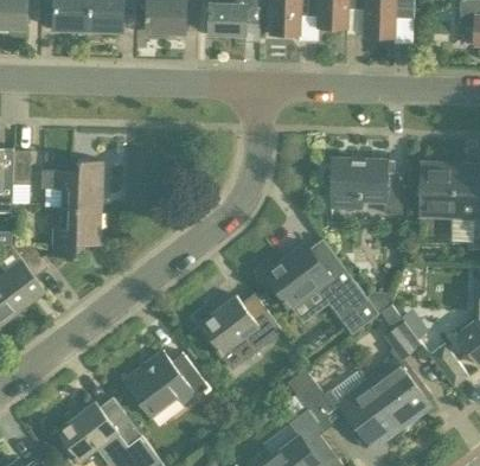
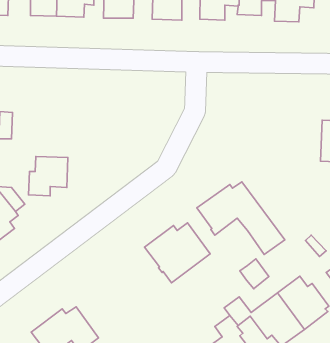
building: [41,159,103,209] -> none
building: [331,159,402,215] -> none
building: [383,321,420,359] -> [240,259,269,289]
building: [128,351,209,417] -> none

